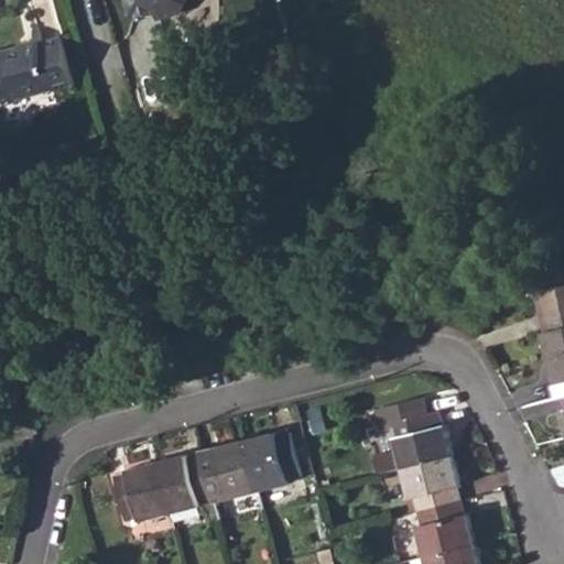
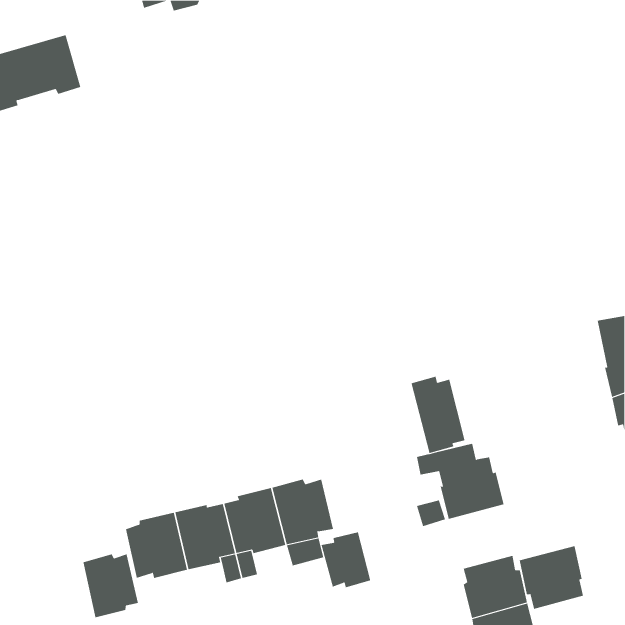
building: none -> [411,376,465,454]
building: [402,455,460,512] -> [519,546,584,609]
building: none -> [321,531,371,588]
building: none -> [83,553,138,618]

